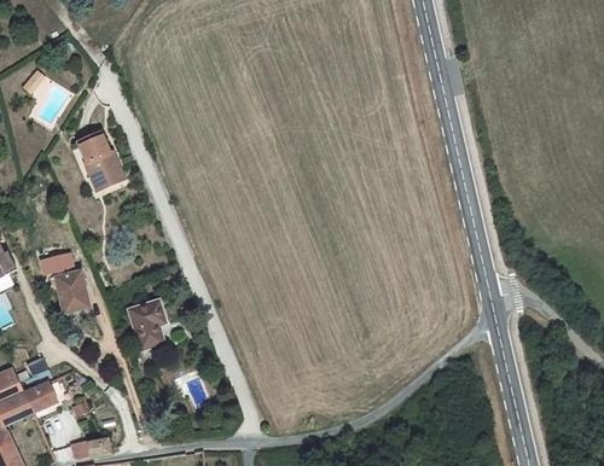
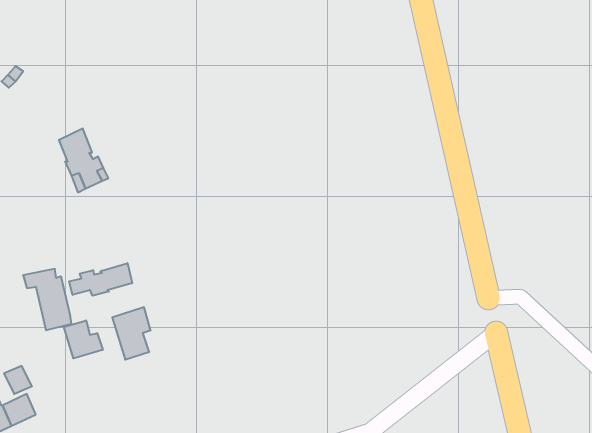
building: none -> [69,263,132,296]
building: none -> [64,320,103,358]

